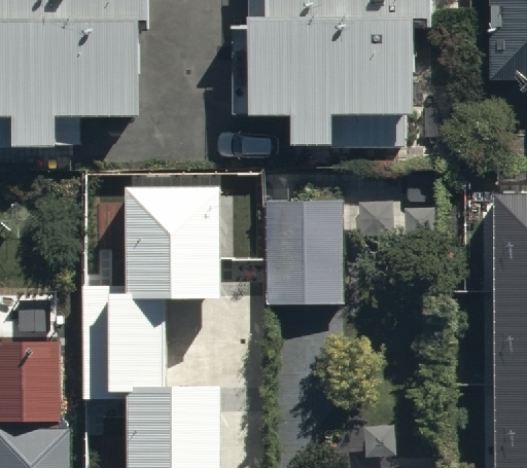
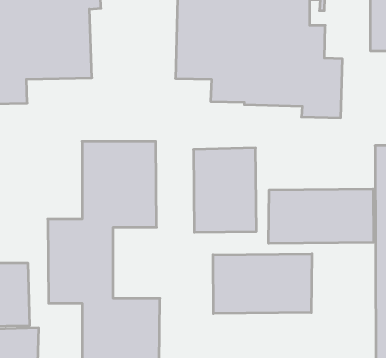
building: none -> [269,189,373,243]
building: none -> [213,254,312,314]

